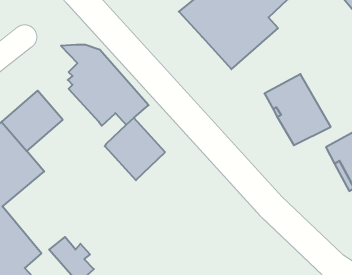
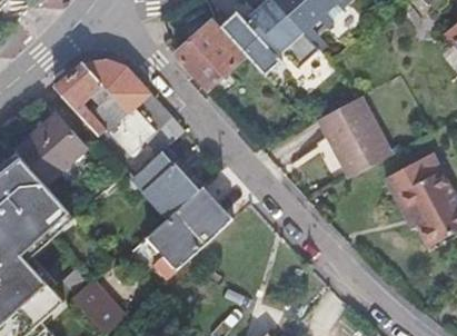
building: none -> [175,19,245,89]
building: none -> [53,63,127,158]
building: none -> [137,185,232,278]

